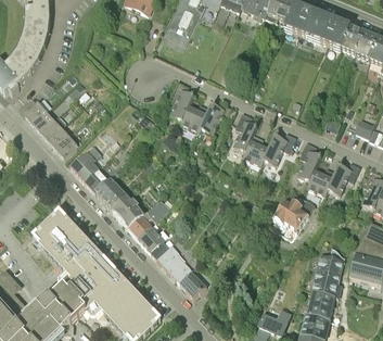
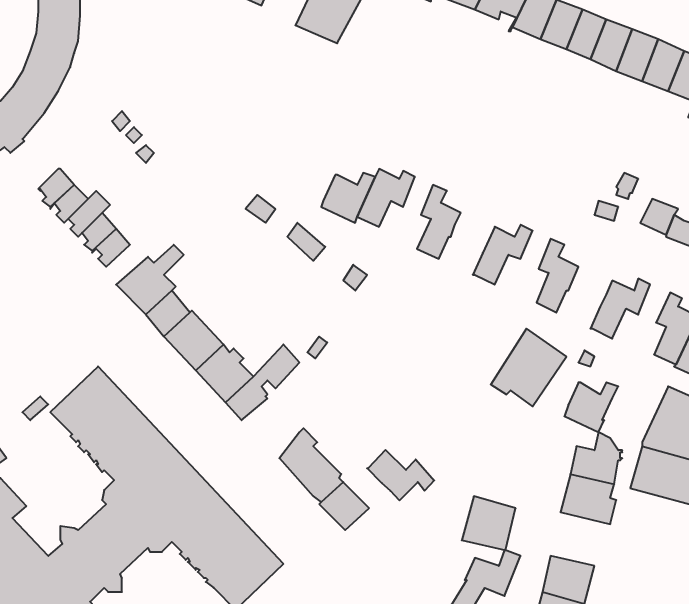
building: [170,80,194,118] -> none
building: [243,131,269,165] -> none
building: [307,167,336,194] -> [564,382,618,432]
building: [138,224,169,258] -> none
building: none -> [367,450,434,500]
building: [306,288,335,317] -> [462,496,516,550]

